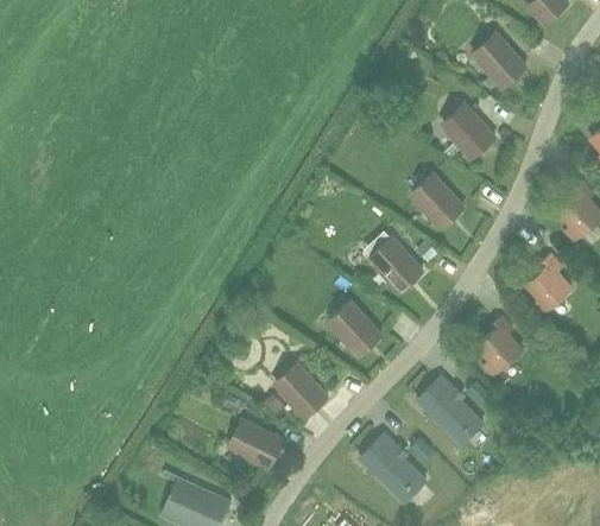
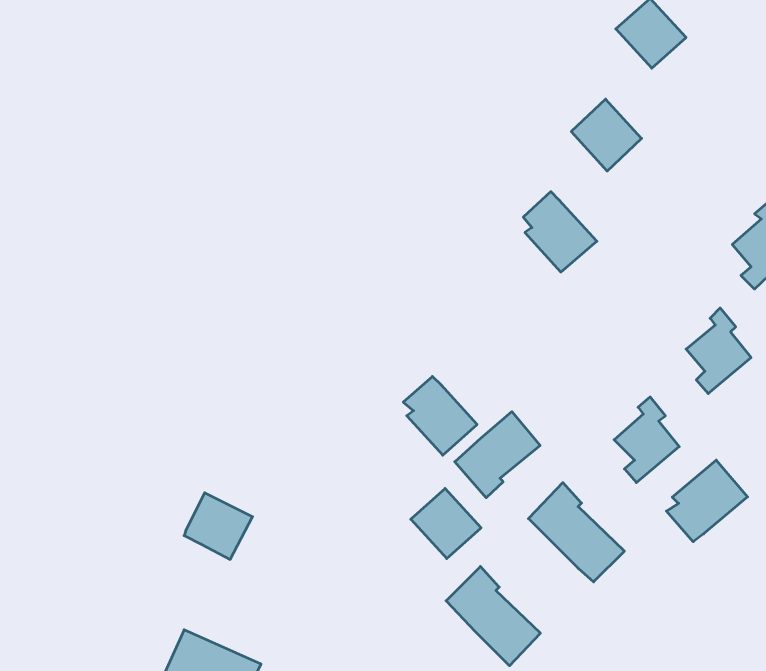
building: [374,243,423,293] -> none
building: none -> [455,412,540,498]
building: none -> [666,460,748,542]
building: [279,369,328,418] -> [411,488,481,559]
building: [236,423,284,469] -> [184,493,253,559]

